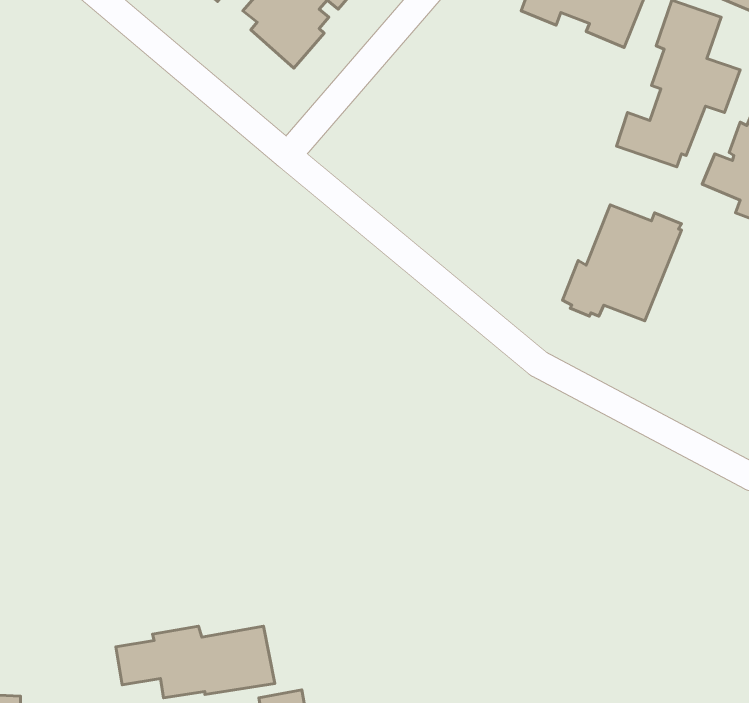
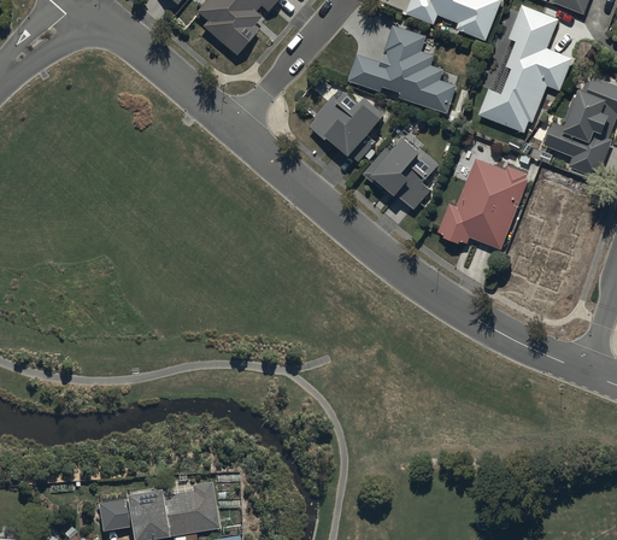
building: none -> [347,25,456,113]
building: none -> [308,92,386,160]
building: none -> [363,141,439,210]

